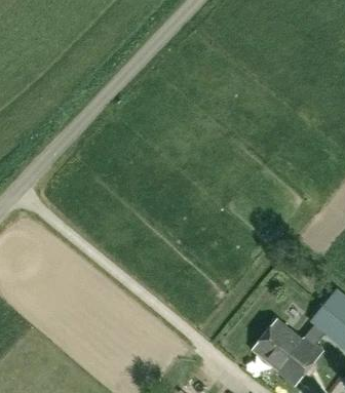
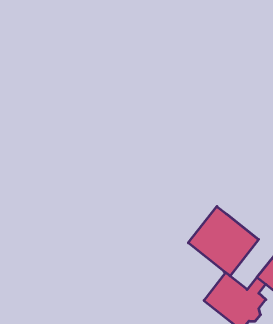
building: none -> [188,206,259,276]

